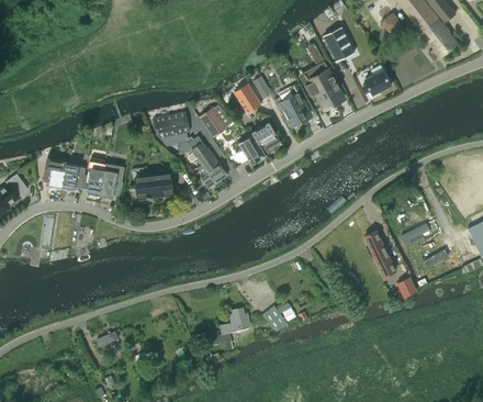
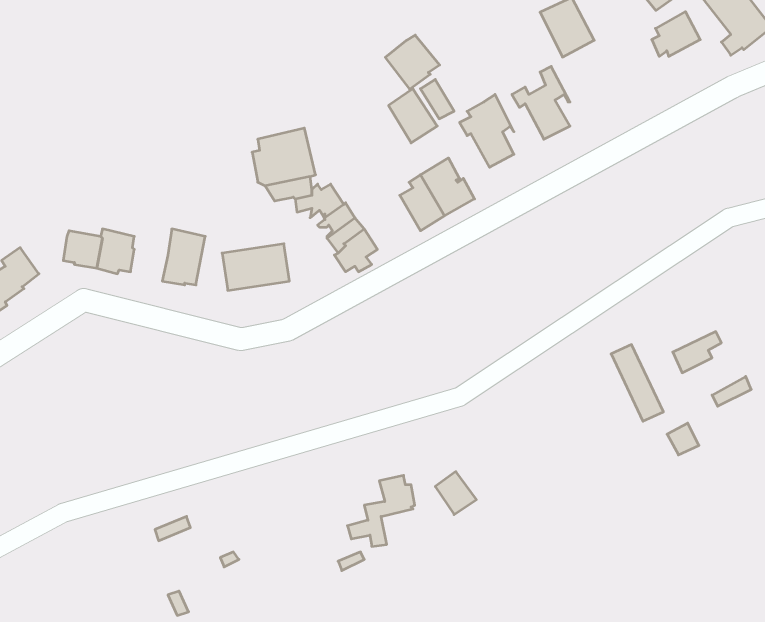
building: [363,69,392,96] -> [652,12,700,56]
building: [201,104,233,136] -> [385,35,440,89]
building: [86,160,105,193] -> none

